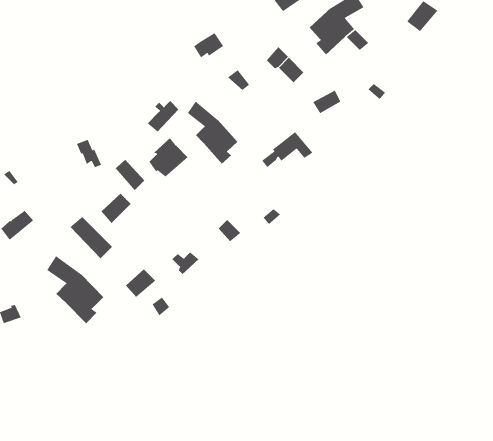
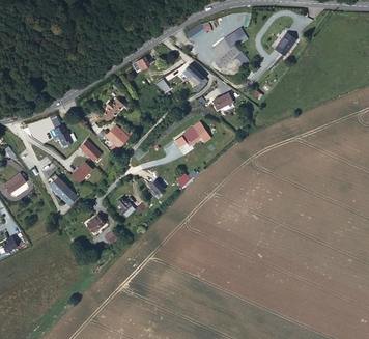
building: [187,101,238,165] -> none
building: [46,255,104,324] -> none

